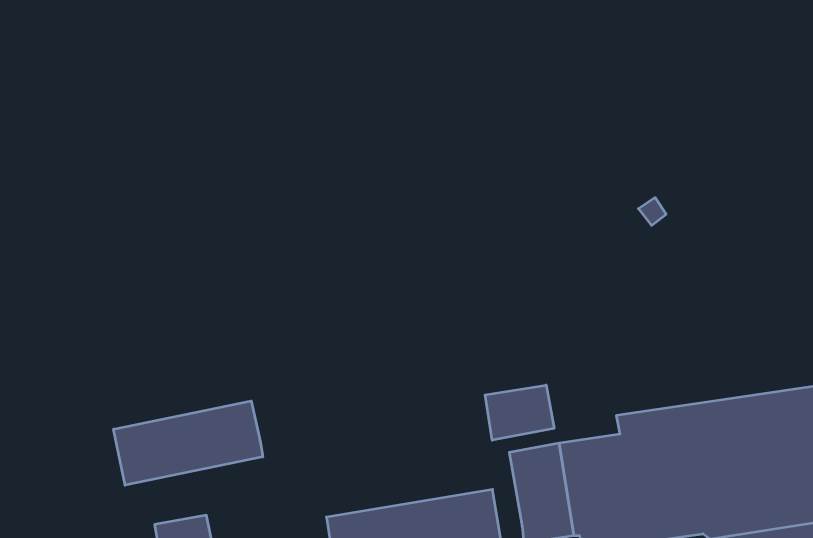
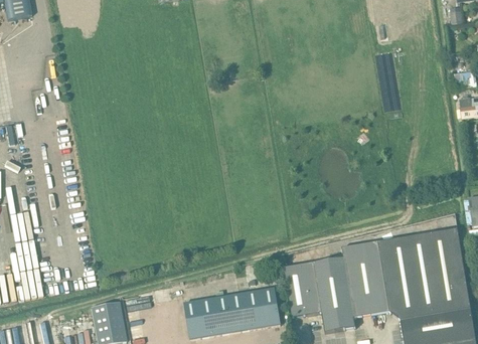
building: [485,385,554,440] -> none
building: [114,401,263,485] -> none

